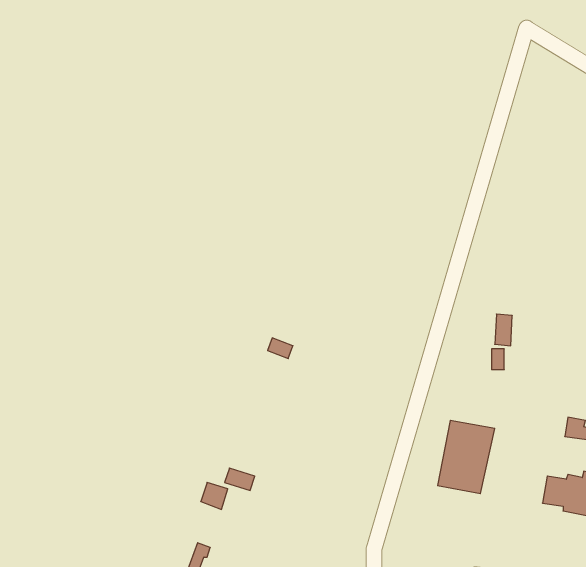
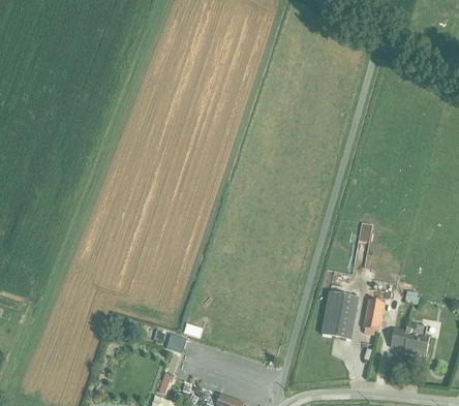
building: none -> [363,299,384,334]

